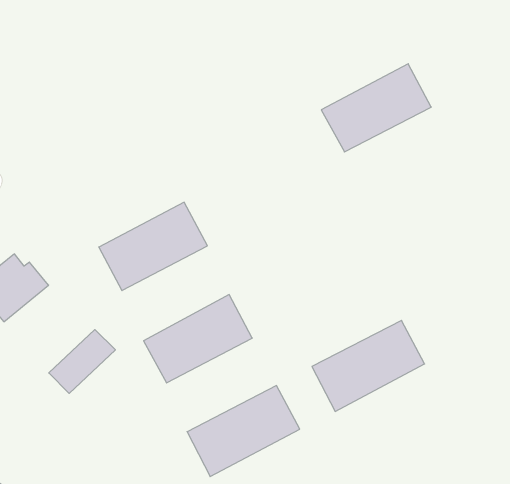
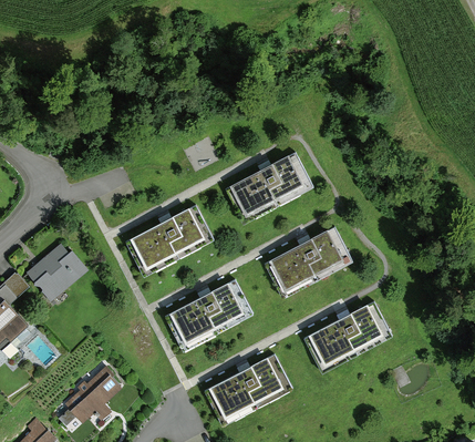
building: [321,64,431,152] -> [227,150,317,222]
building: none -> [265,225,355,298]
building: [49,330,115,393] -> [66,369,121,421]

